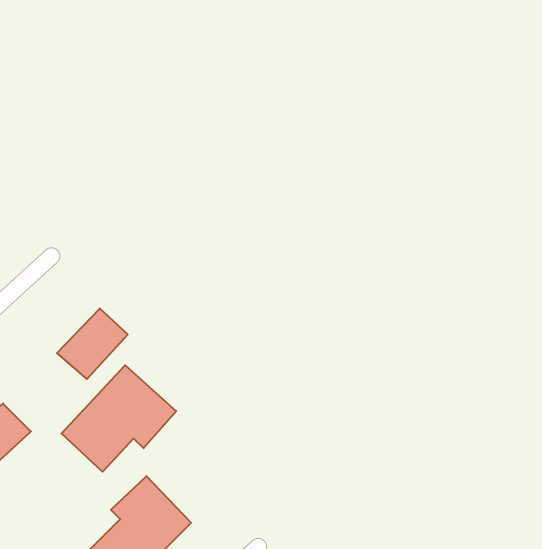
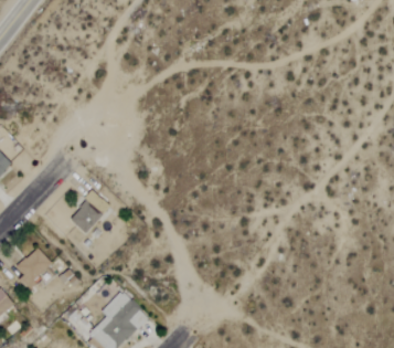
building: [61,365,176,472] -> none

